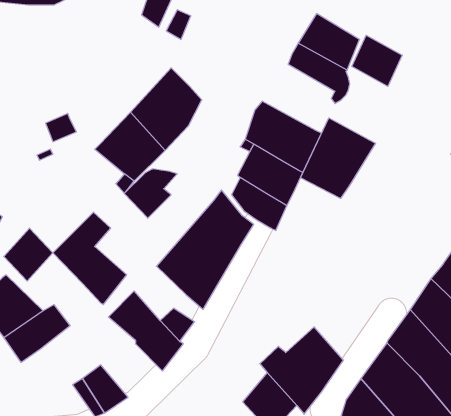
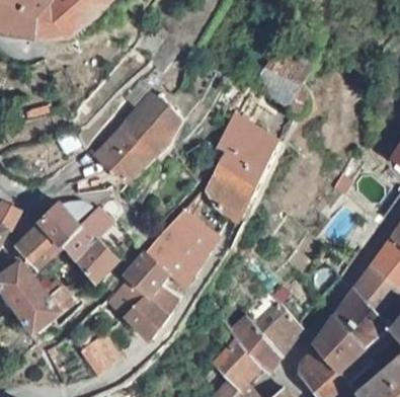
building: [352,35,402,86] -> none
building: [300,118,376,198] -> none
building: [124,169,177,218] -> [41,202,84,242]
building: none -> [127,253,169,298]

